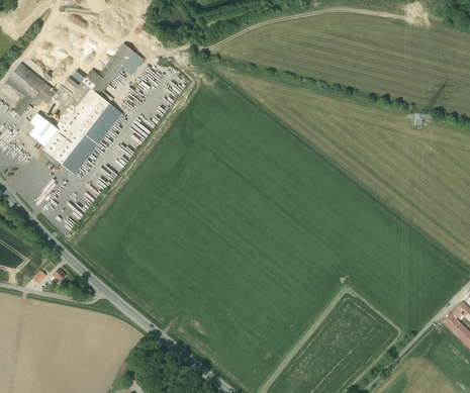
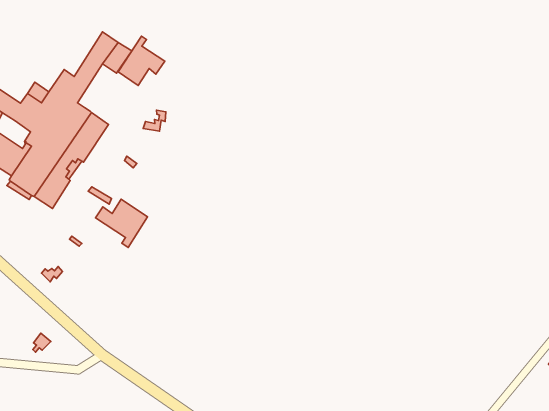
building: none -> [118,36,165,85]
building: none -> [95,199,147,248]

